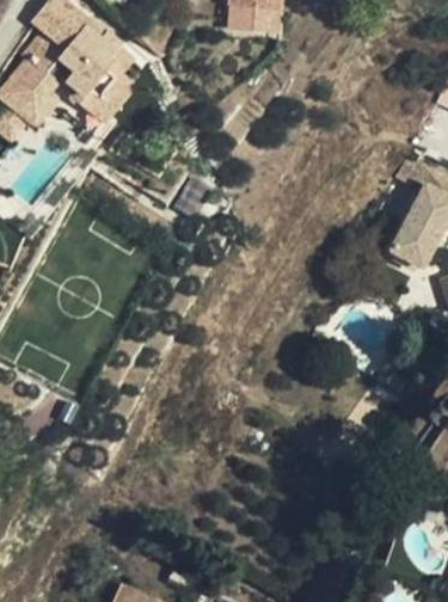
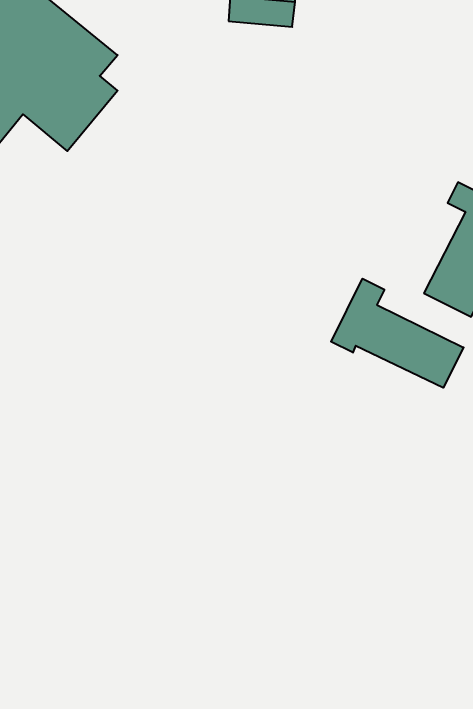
building: none -> [331,279,464,388]

